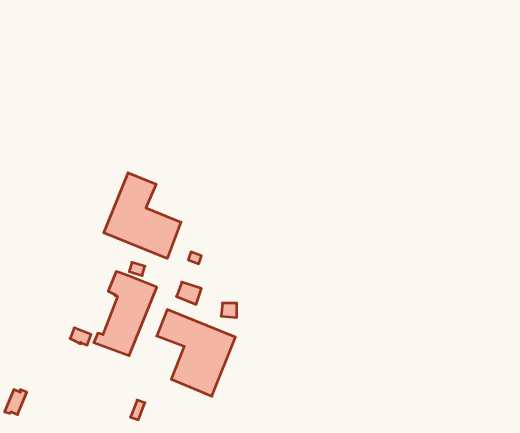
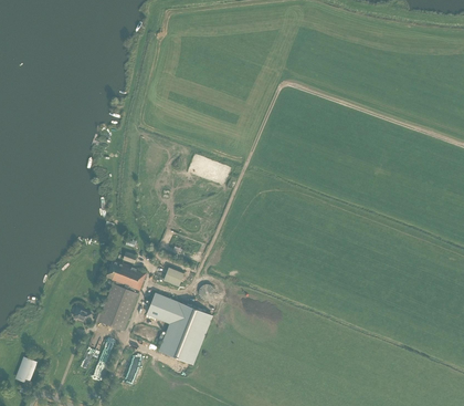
building: [104,173,181,258] -> none

